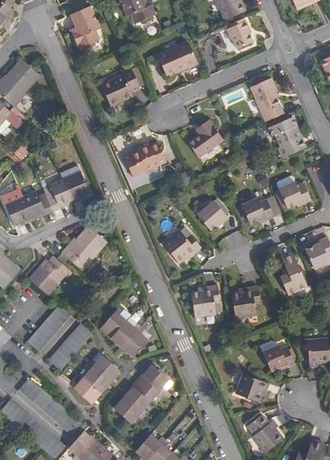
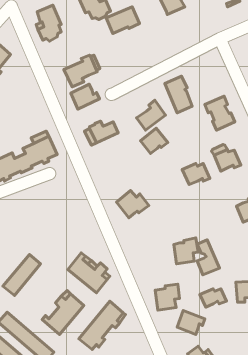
building: [225,19,251,49] -> none
building: [156,44,196,76] -> [106,7,140,34]
building: [249,79,282,123] -> [165,76,192,113]
building: none -> [71,84,100,109]
building: [196,201,229,231] -> [140,128,168,153]
building: [64,223,108,266] -> none
building: [33,254,75,291] -> none
building: [279,254,306,296] -> [197,240,220,275]
building: [191,287,220,318] -> [155,284,179,310]
building: [47,323,90,372] -> none

